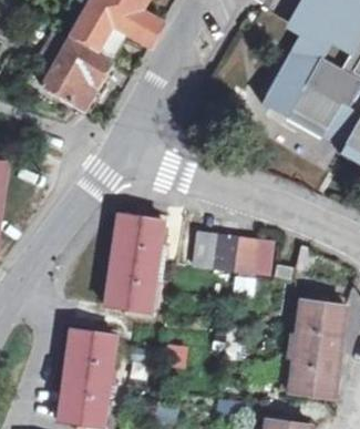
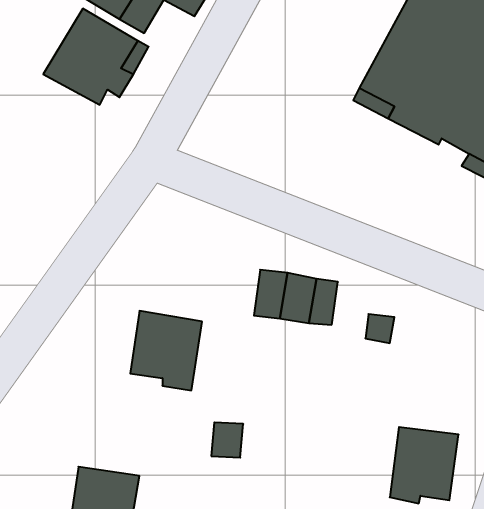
building: [109,213,162,268] -> none
building: [297,293,347,350] -> none
building: [64,326,116,380] -> none

